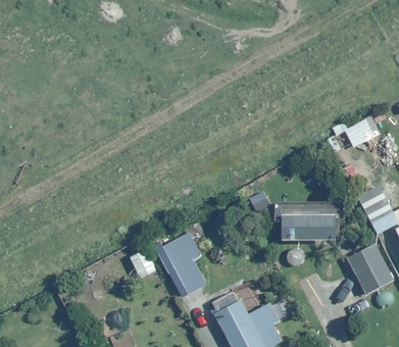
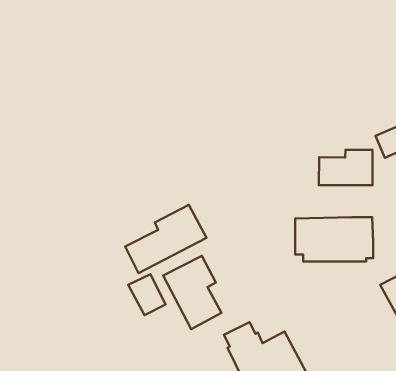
building: none -> [319,150,373,185]
building: none -> [125,205,206,273]

